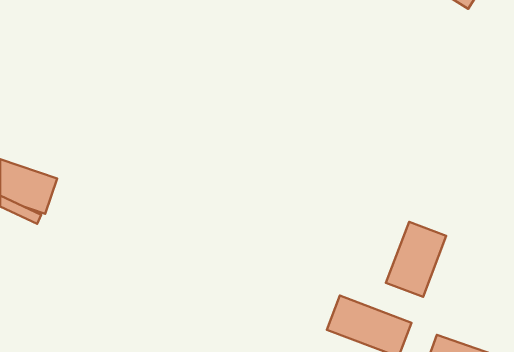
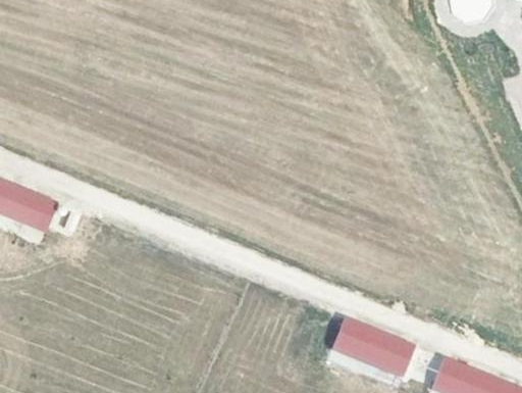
building: [386,222,446,297] -> none

